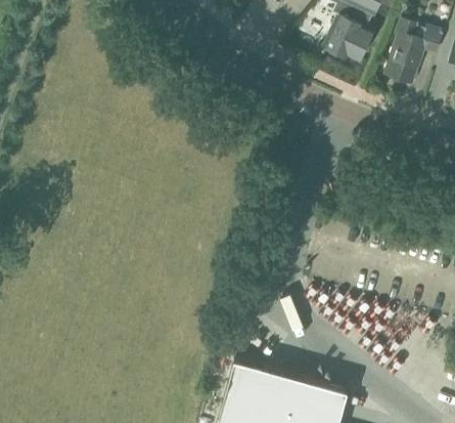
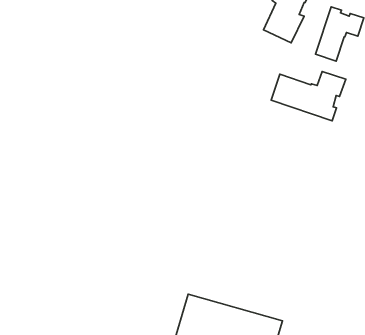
building: none -> [271,71,346,121]

